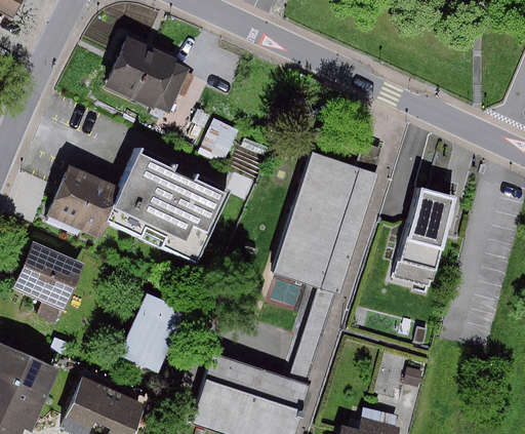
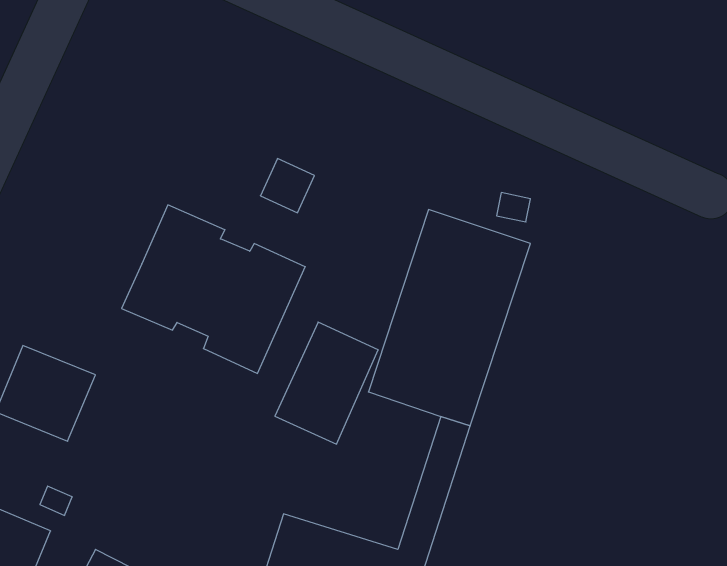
building: [113,46,187,112] -> none
building: [46,166,118,236] -> none
building: [395,189,453,286] -> none
building: [116,292,185,373] -> [275,322,378,444]

